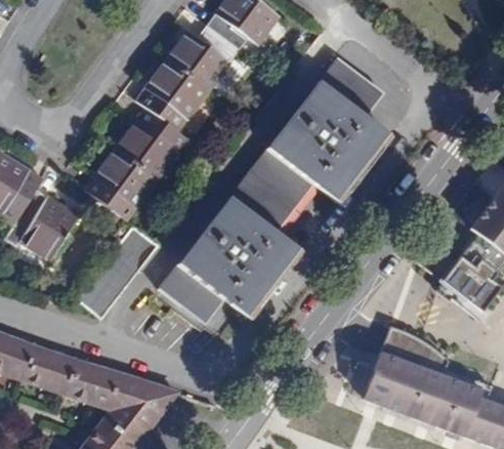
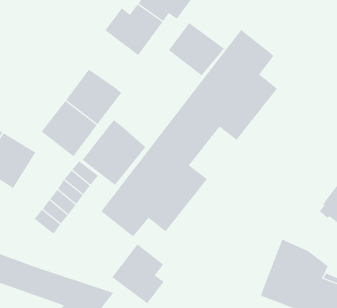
building: none -> [168,22,224,76]
building: [133,59,207,132] -> none
building: none -> [82,119,146,186]
building: none -> [112,244,165,304]

